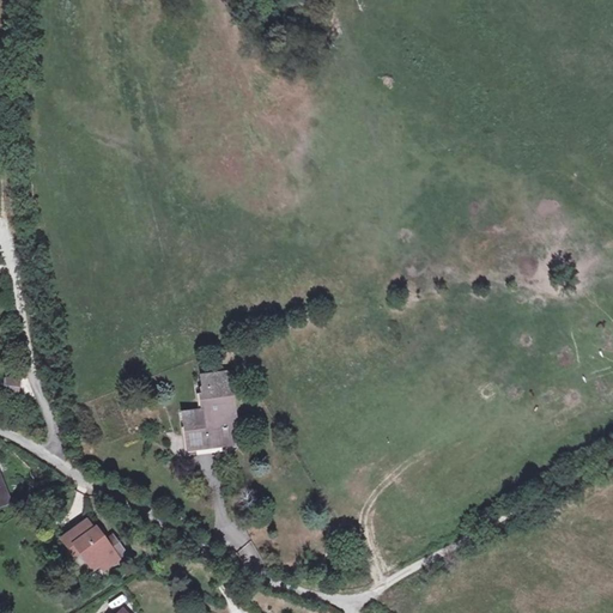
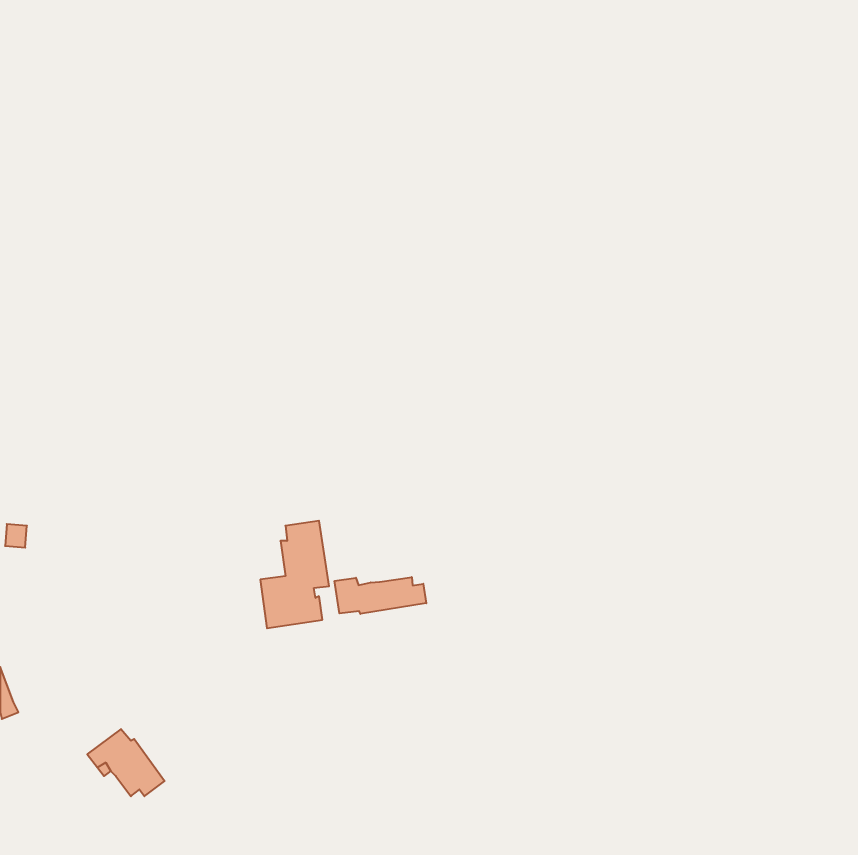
building: none -> [335,577,426,614]

